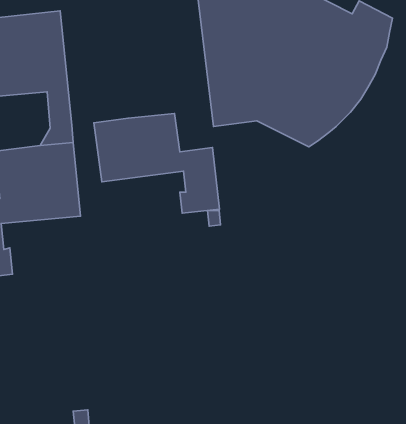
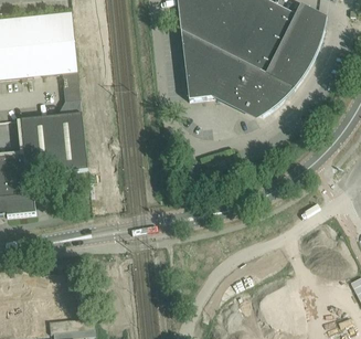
building: [94,113,219,213] -> none

